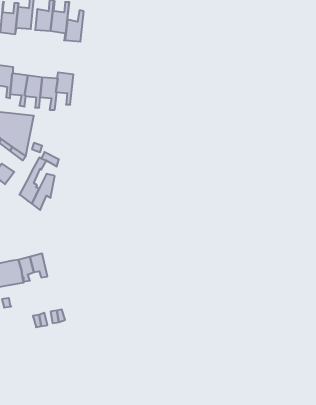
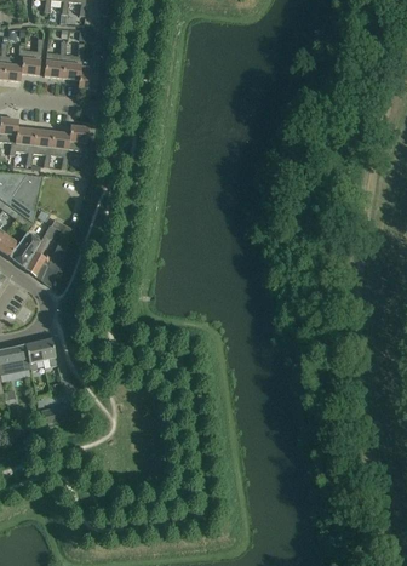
building: none -> [7,231,39,268]

